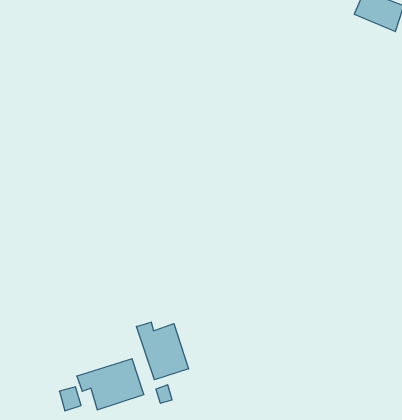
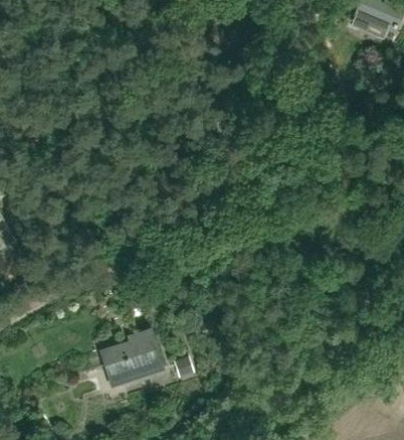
building: [136,322,189,380] -> none

